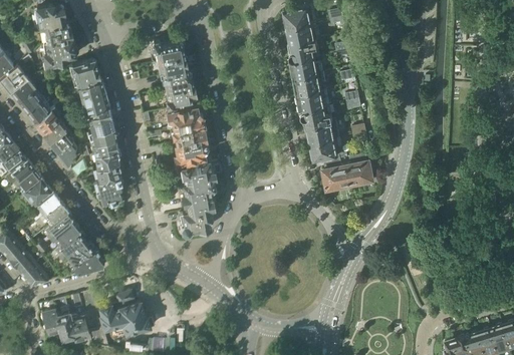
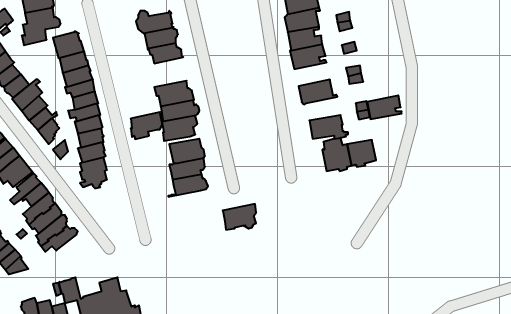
building: [166,84,195,109] -> [131,112,162,139]
building: [297,89,329,111] -> none
building: [307,121,339,143] -> [367,95,402,119]
building: [179,209,210,233] -> [223,204,256,230]
building: [72,250,103,274] -> none

